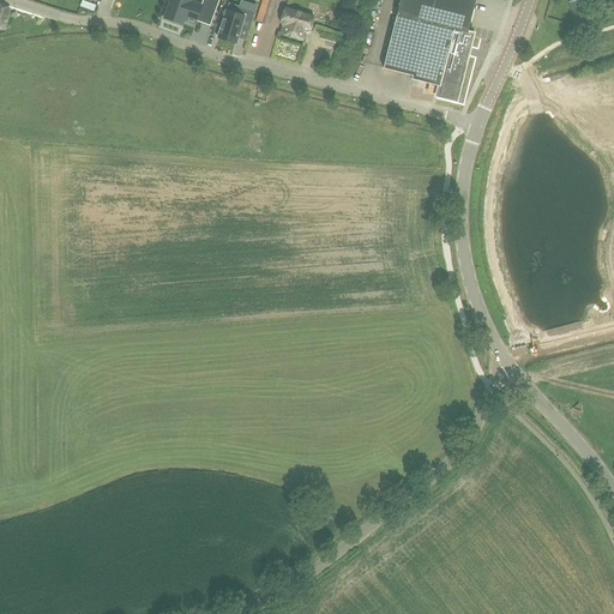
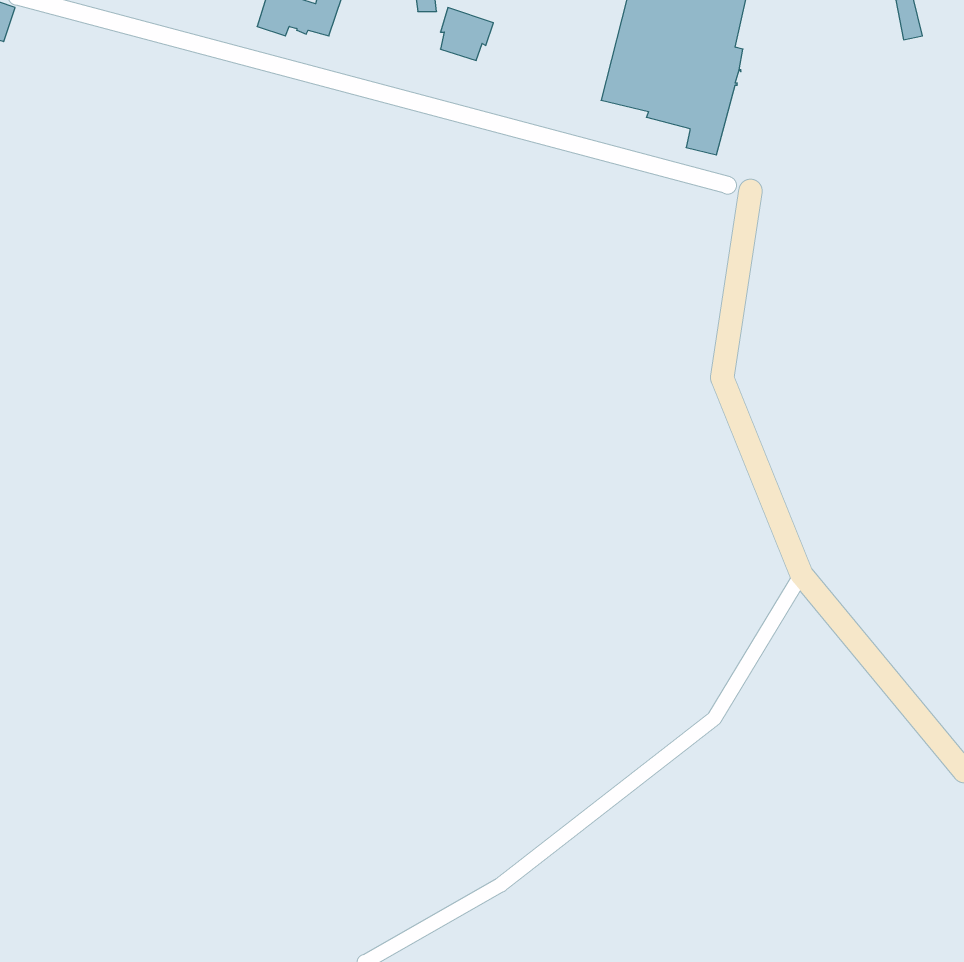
building: [217,5,253,41] -> none

